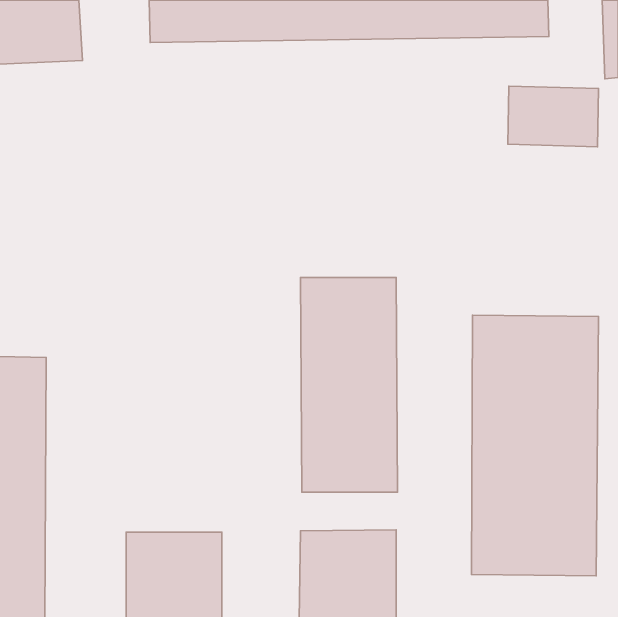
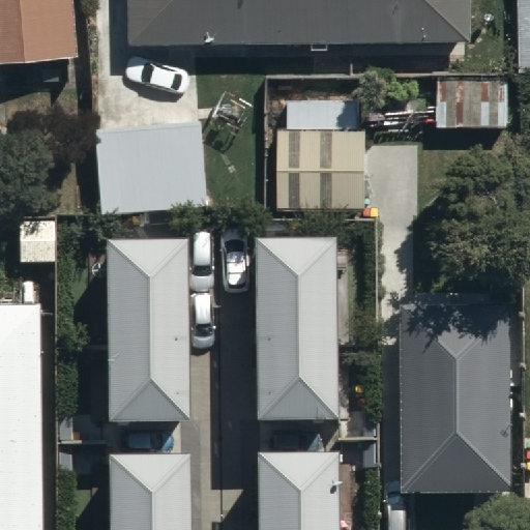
building: none -> [276,95,363,204]
building: none -> [91,121,205,214]
building: none -> [106,241,188,424]

